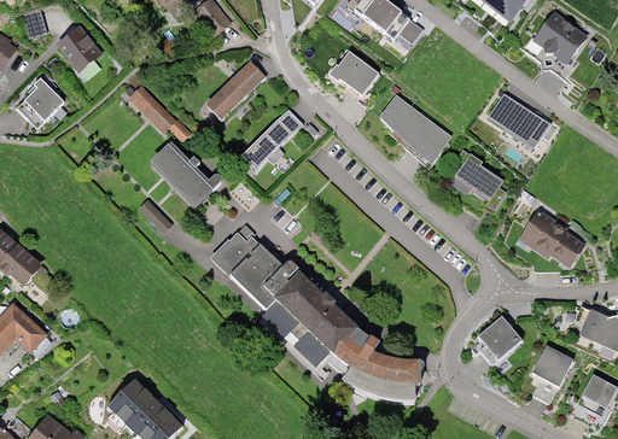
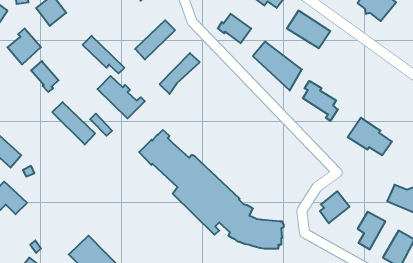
building: [486,93,550,148] -> [287,11,330,48]
building: none -> [31,61,59,92]
building: none -> [52,102,95,145]

